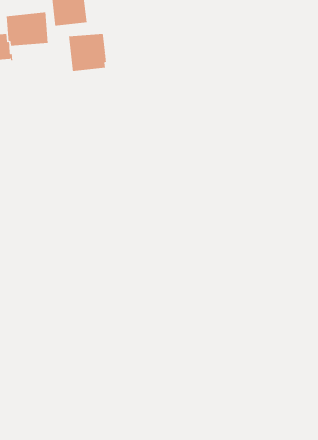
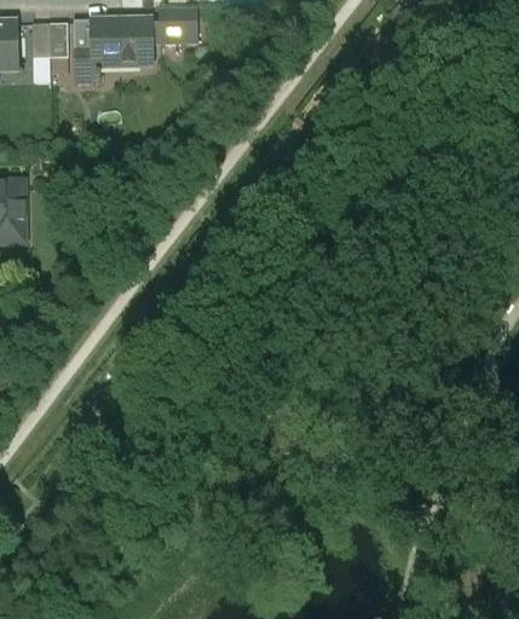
building: [69,33,106,72] -> none

